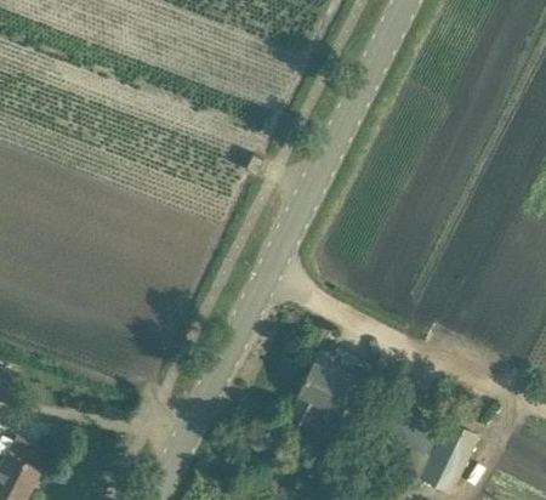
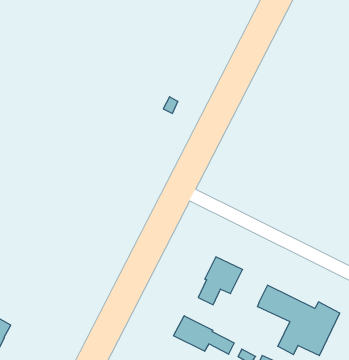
building: none -> [174,316,234,354]

